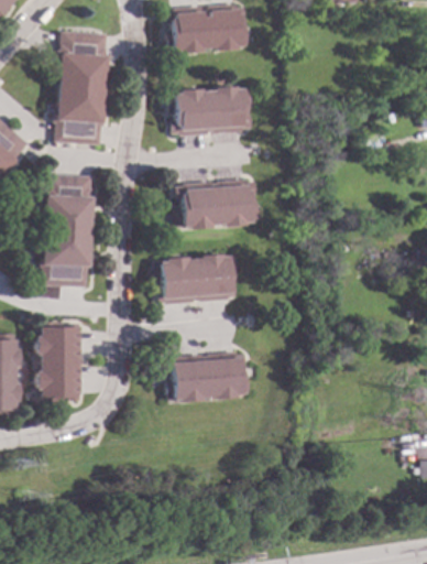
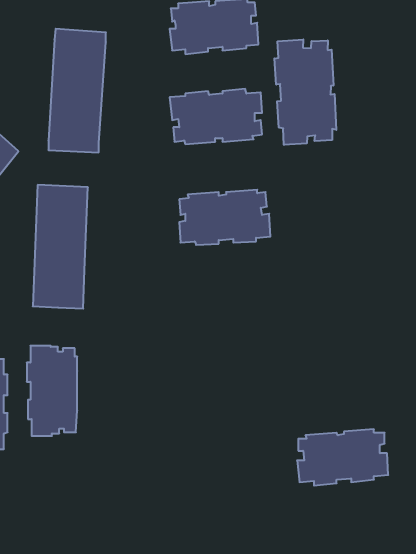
building: none -> [274,39,336,145]
building: [154,253,238,305] -> none
building: [167,351,251,403] -> [297,429,388,486]

